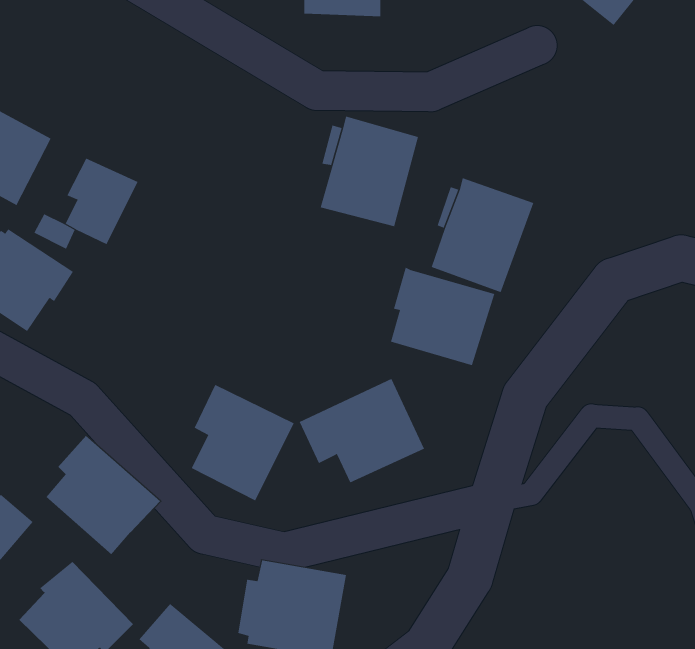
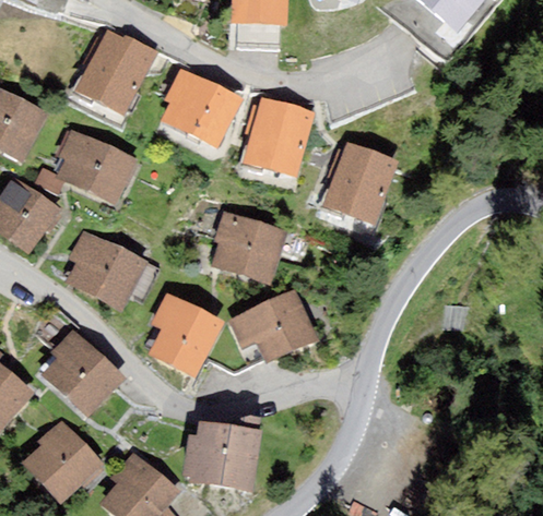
building: none -> [74,28,157,115]
building: none -> [160,67,243,146]
building: none -> [87,144,138,203]
building: [390,267,495,366] -> [212,211,288,283]
building: none -> [64,229,147,312]

